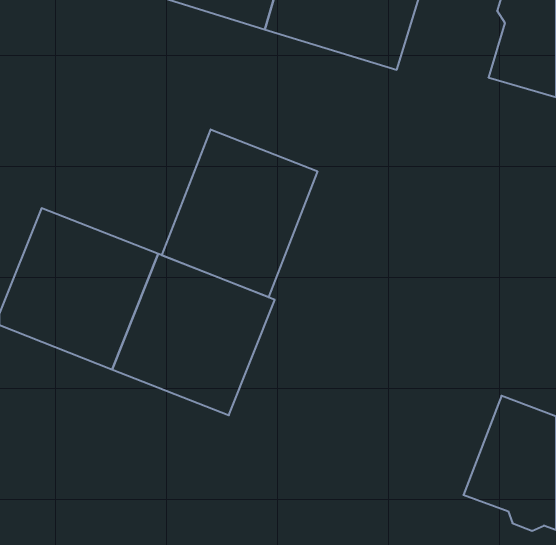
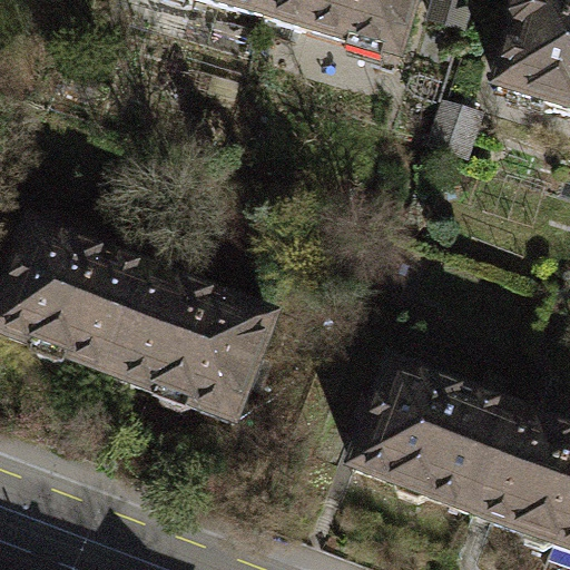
building: [162,129,317,297] -> none
building: none -> [353,357,512,505]

